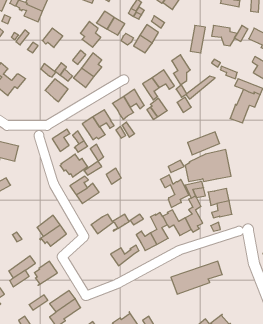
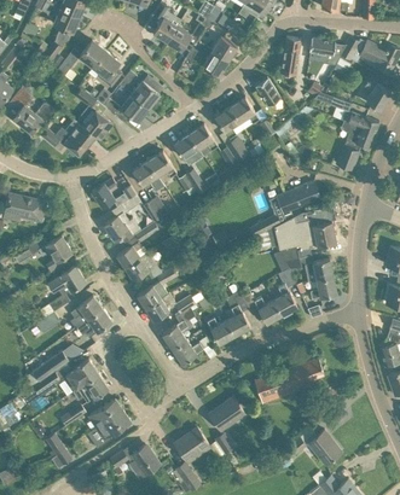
building: [80,21,101,47] -> [94,52,122,87]
building: none -> [40,123,94,156]
building: none -> [39,235,71,272]
building: [160,175,189,208] -> none
building: none -> [48,266,86,311]
building: none -> [137,268,178,309]
building: none -> [162,308,196,349]
building: none -> [73,374,109,403]
building: none -> [210,397,244,430]

